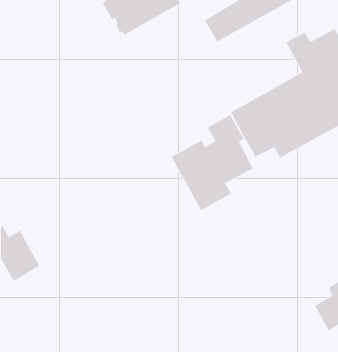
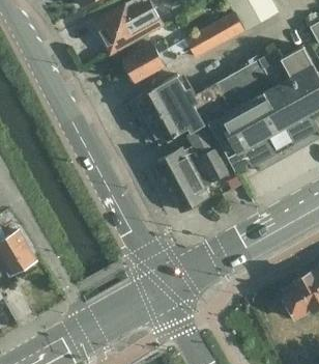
building: none -> [121,41,174,83]
building: none -> [135,59,272,145]

